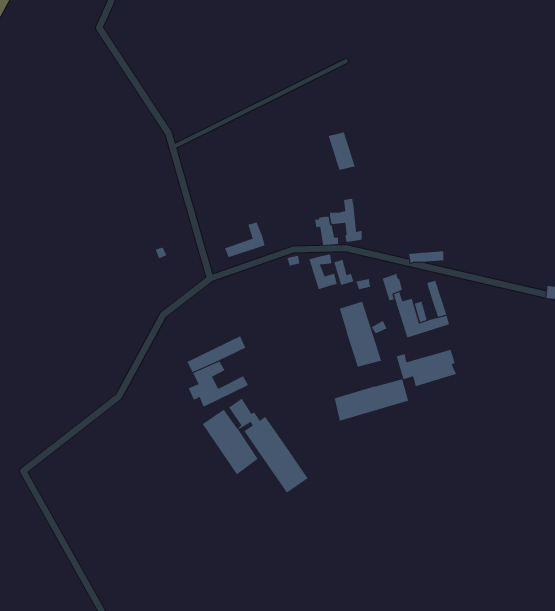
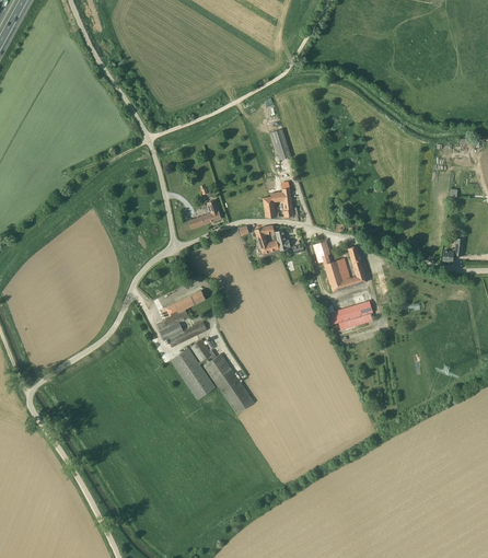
building: [339,301,382,367] -> none
building: [334,378,409,422] -> none

